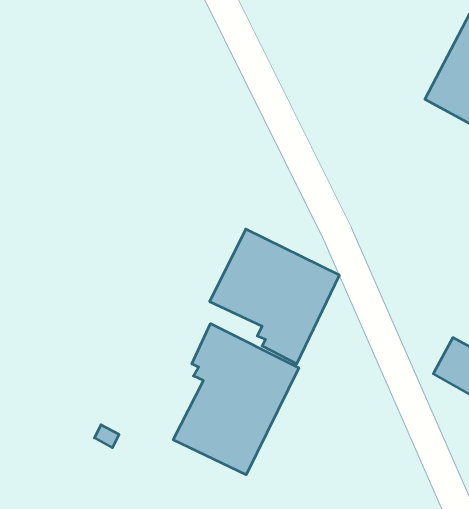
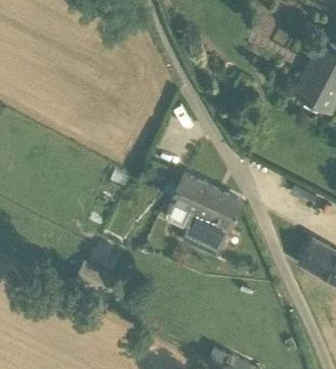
building: [173,324,299,475] -> none

